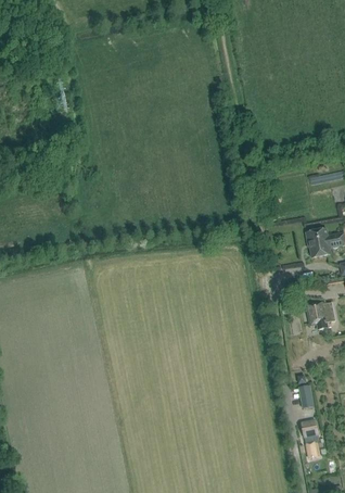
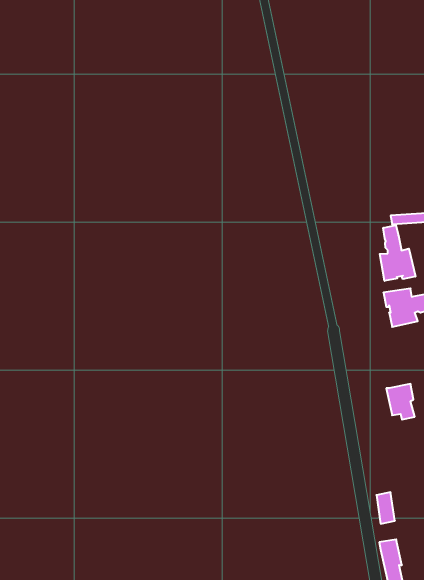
building: none -> [380,225,415,281]

